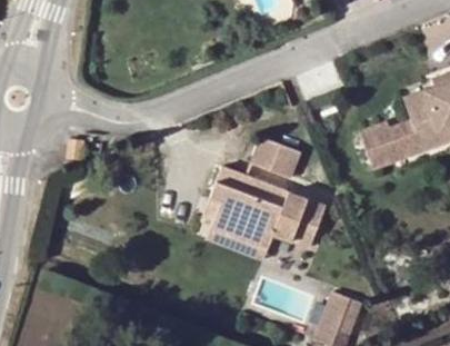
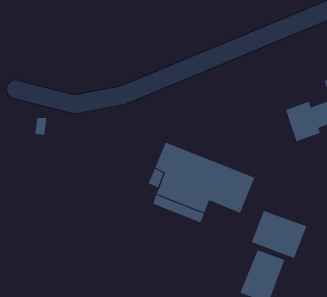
building: [253,138,302,178] -> none
building: none -> [251,210,307,259]

